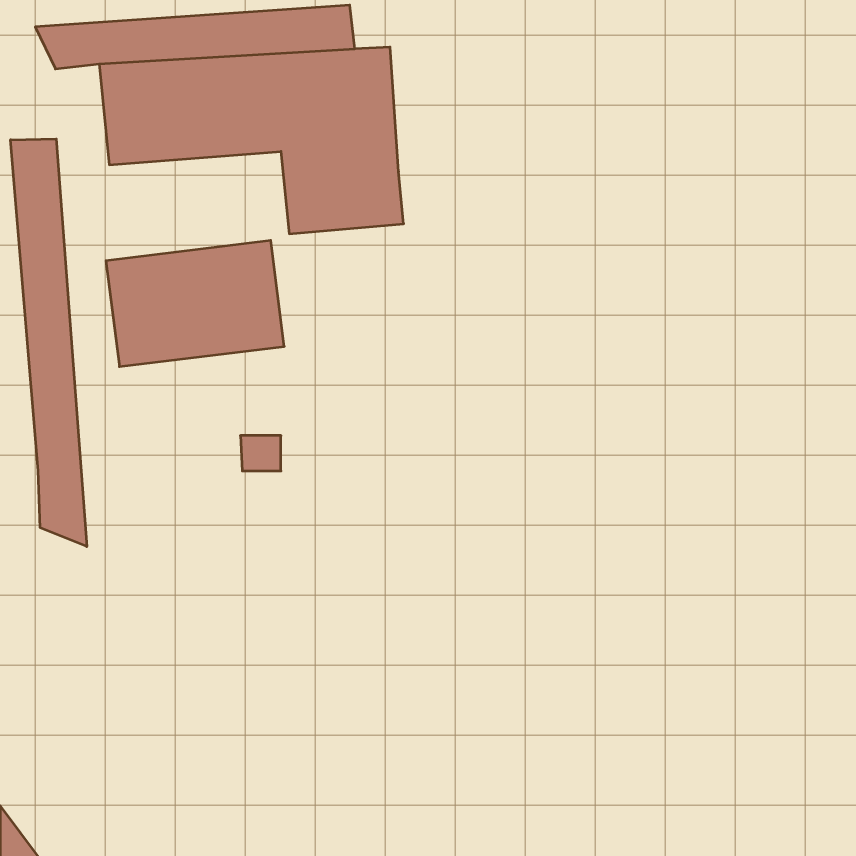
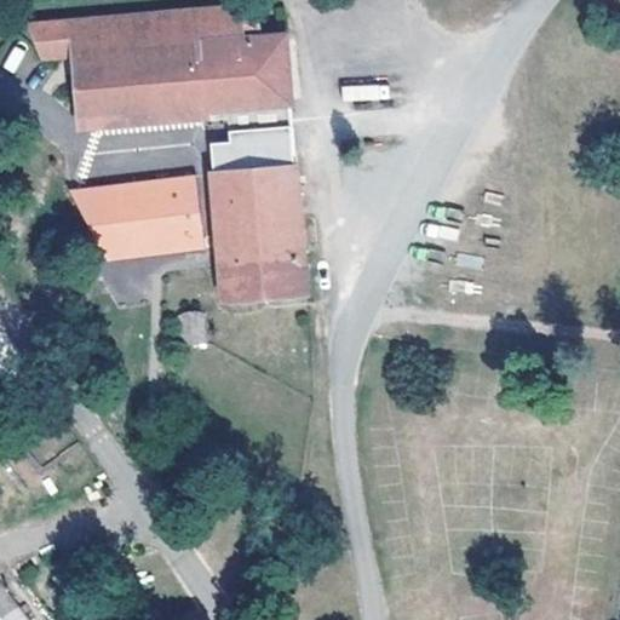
building: [11,139,87,547] -> none
building: none -> [211,163,303,302]

